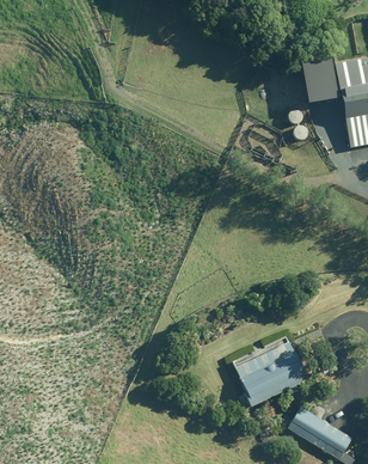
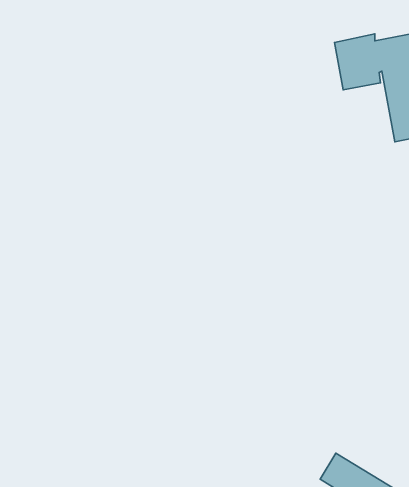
building: [235,341,307,403] -> none

